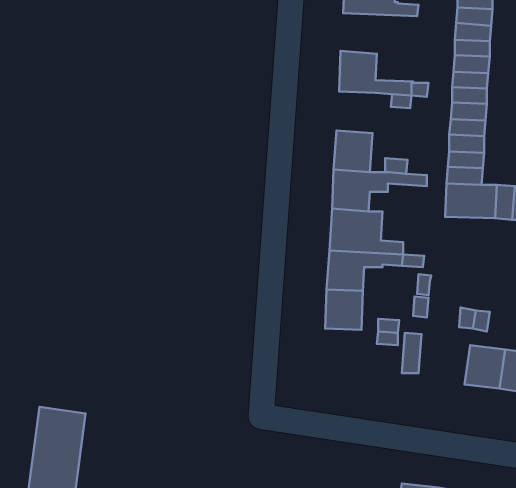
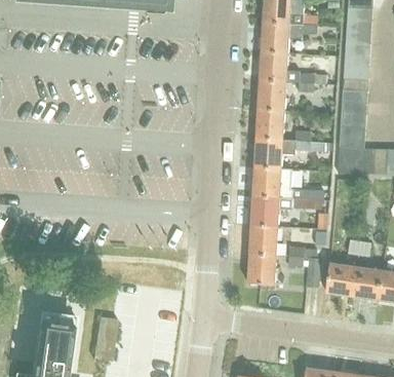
building: none -> [261,23,317,52]
building: none -> [258,80,286,111]
building: none -> [247,255,276,286]
building: none -> [326,263,356,296]

